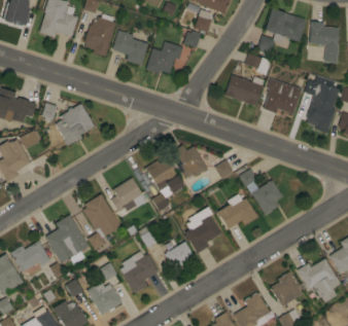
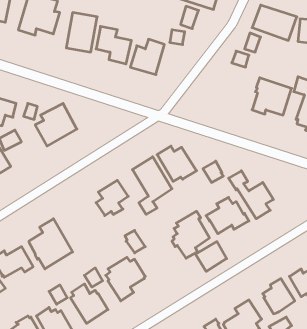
building: [222,74,262,106] -> none
building: [84,193,123,249] -> none
building: [166,241,196,269] -> [196,242,227,271]

